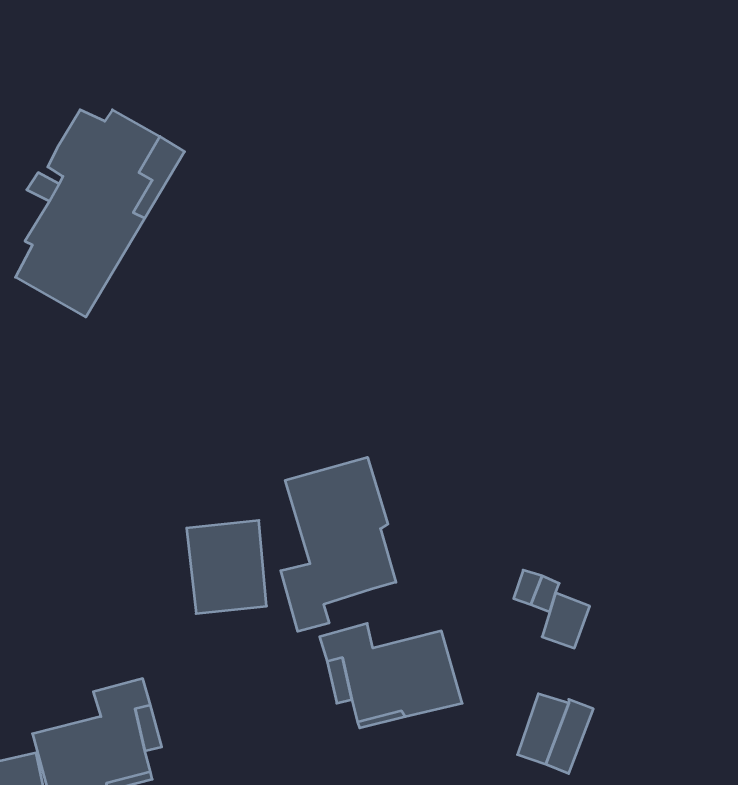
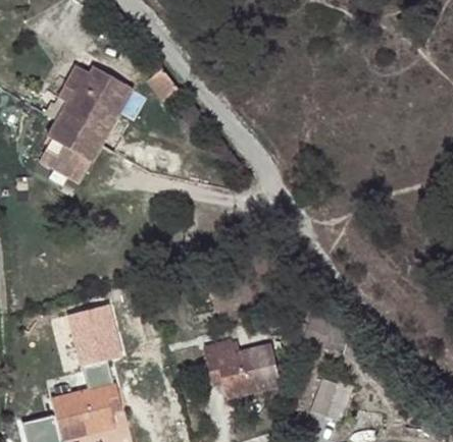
building: [281,457,396,631] -> none
building: [187,520,267,614] -> [72,305,115,354]

